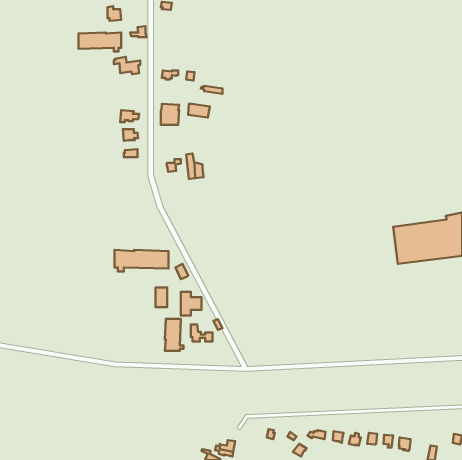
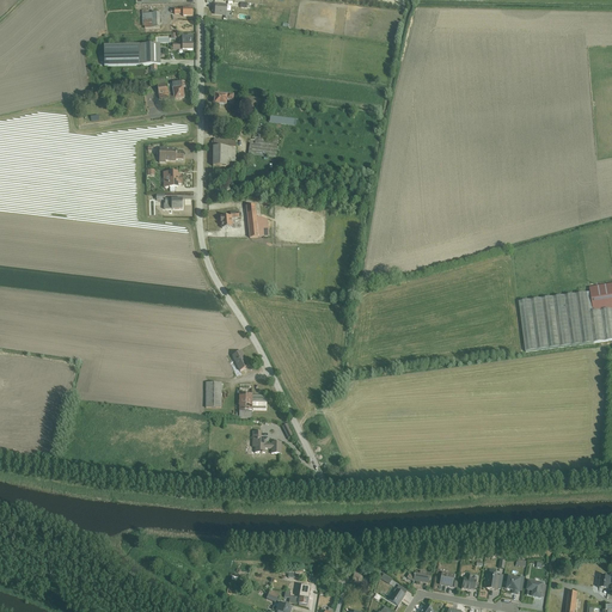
building: [115,250,169,272] -> none
building: [165,319,183,351] -> none

